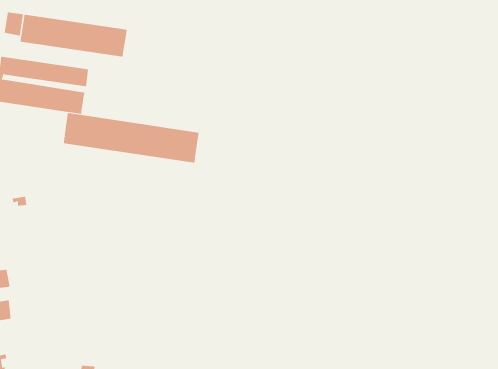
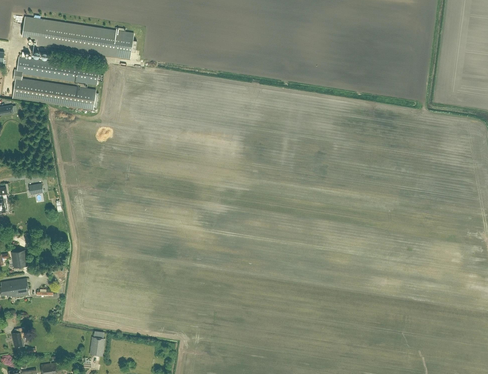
building: [63,112,199,164] -> none

